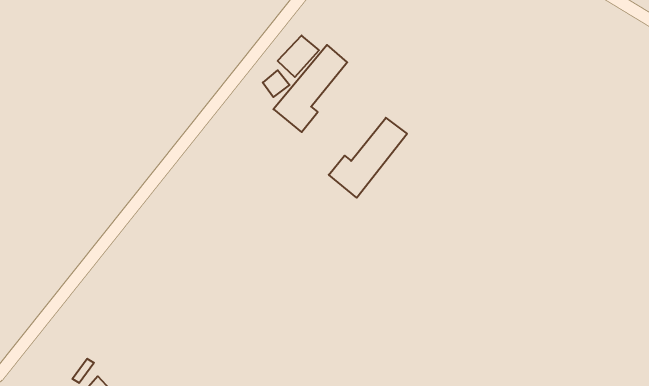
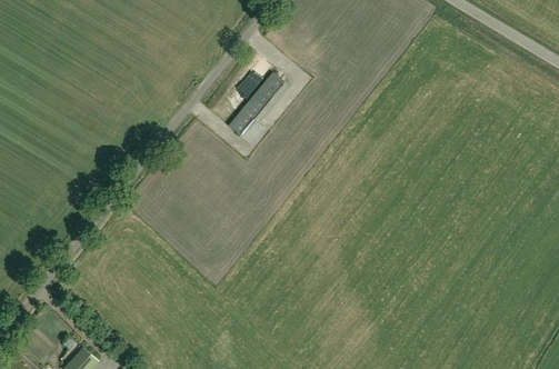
building: [329,118,407,198] -> none

